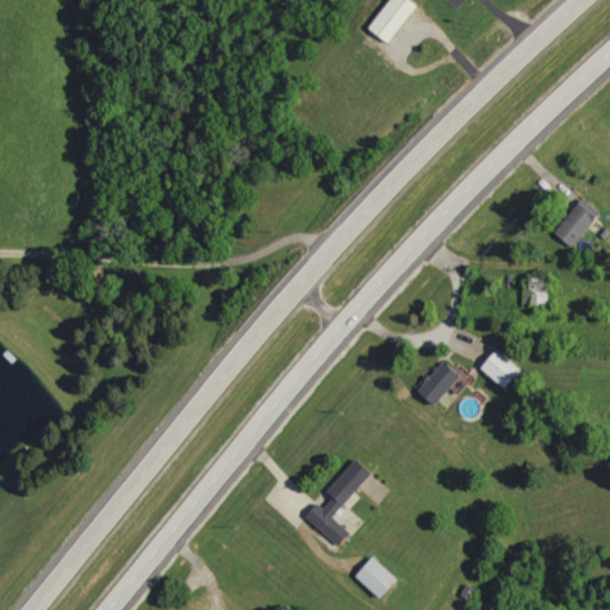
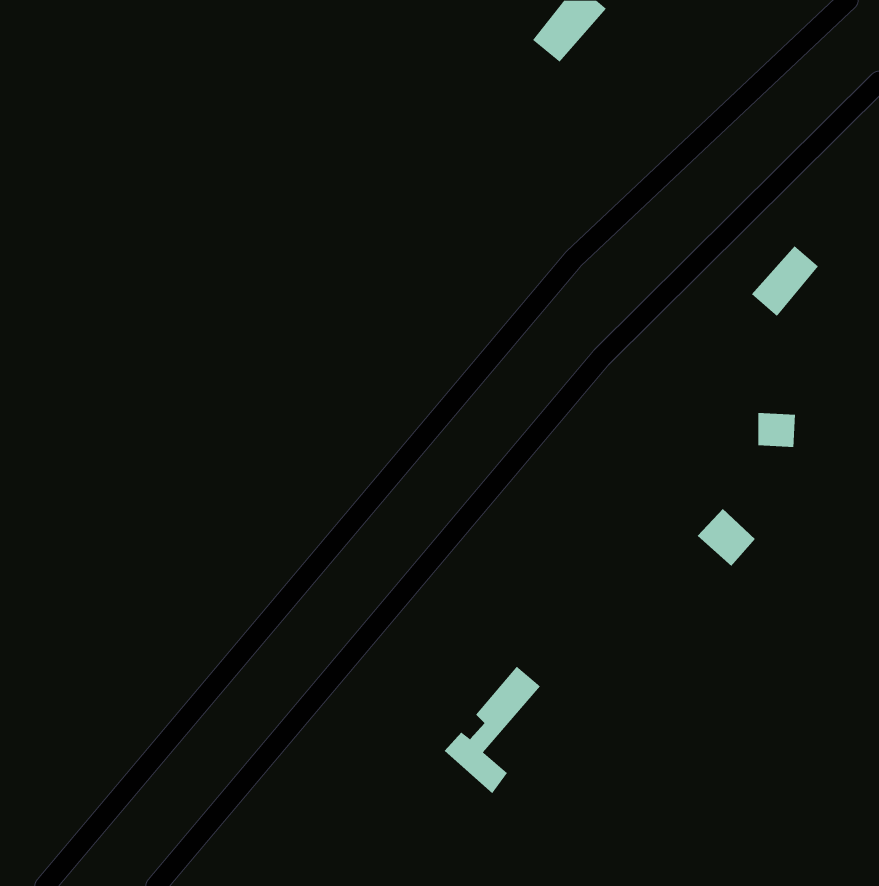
building: [553,198,599,247] -> [751,246,819,317]
building: [417,360,459,405] -> none
building: [355,556,398,598] -> none

